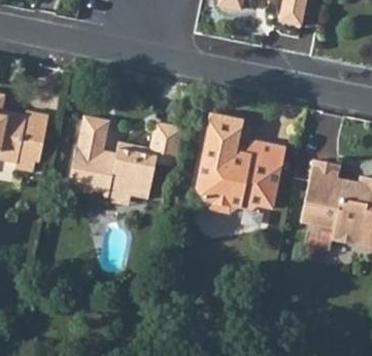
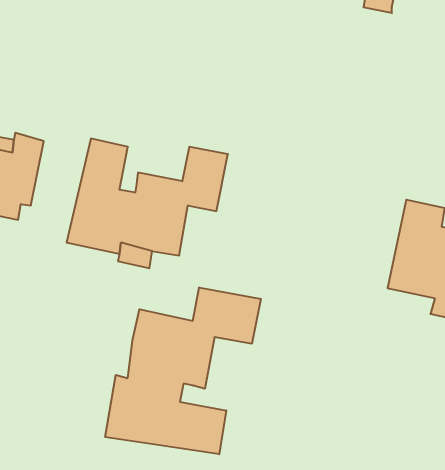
building: [196,112,283,213] -> none
building: none -> [105,287,261,454]

